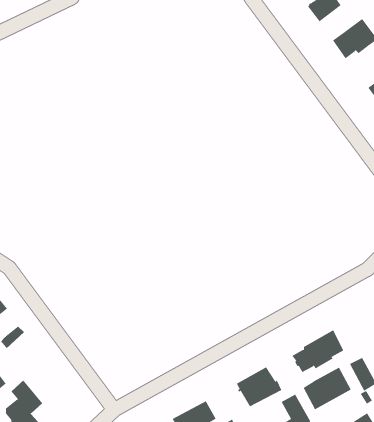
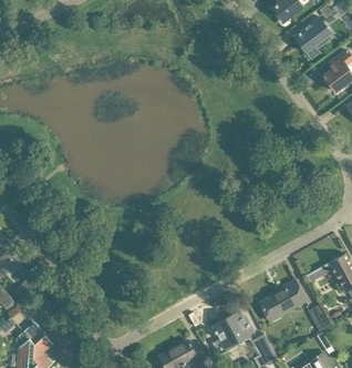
building: [303,367,352,410] -> none

